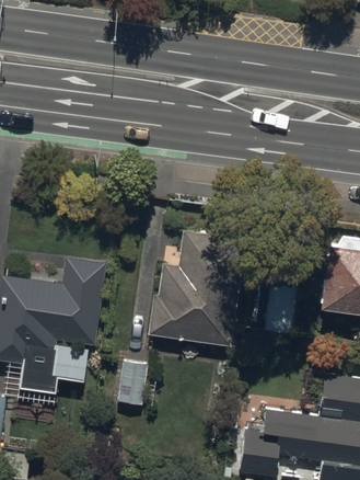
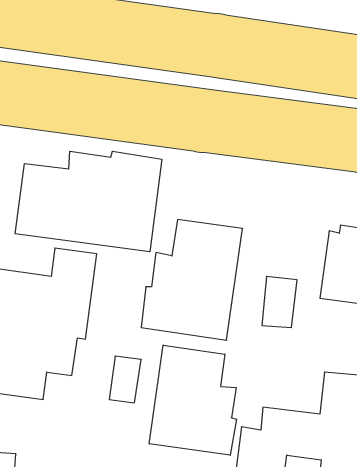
building: none -> [15,151,162,252]
building: none -> [149,345,237,455]

